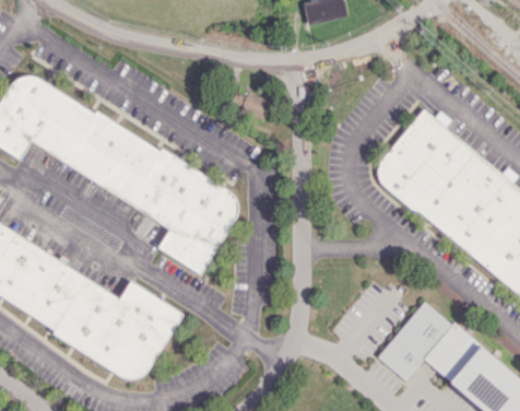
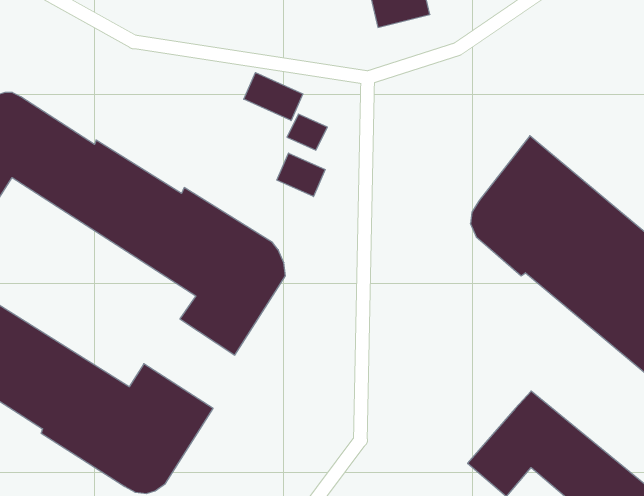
building: none -> [244,73,303,121]
building: none -> [277,153,325,197]

